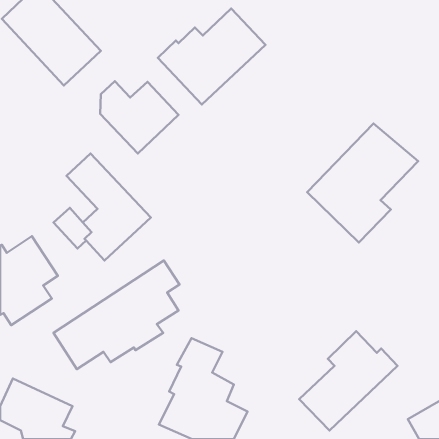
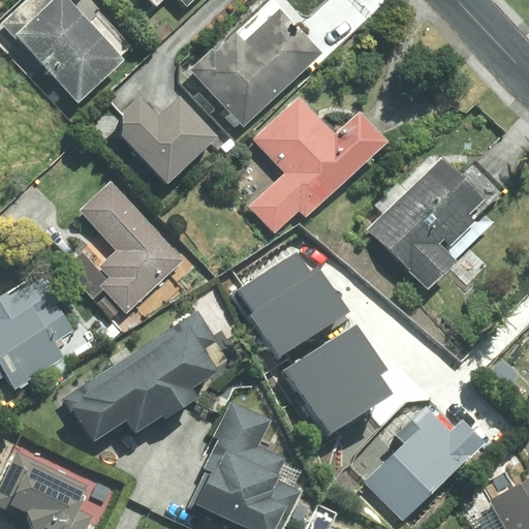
building: none -> [255,96,397,239]
building: none -> [236,250,338,352]
building: none -> [283,323,390,430]

